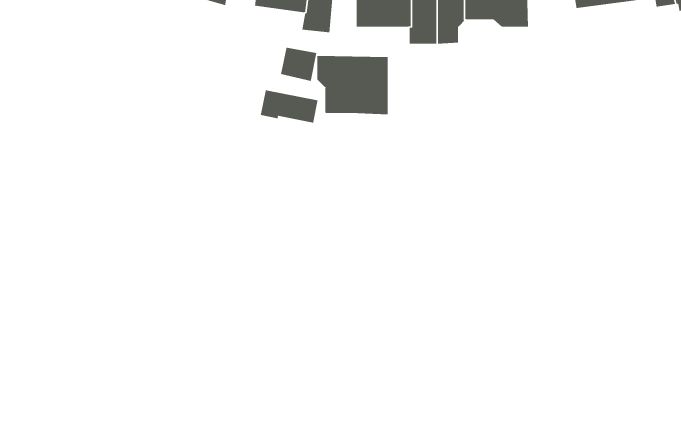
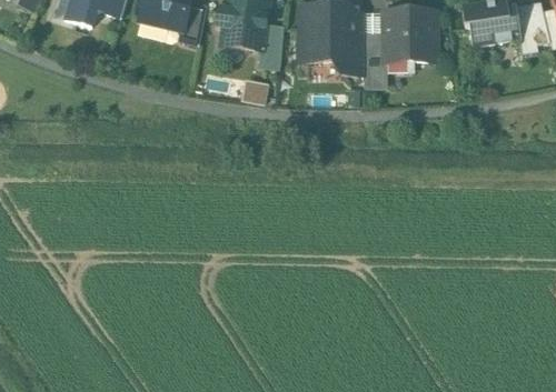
building: [317,55,388,115] -> none
building: [260,89,318,124] -> none

